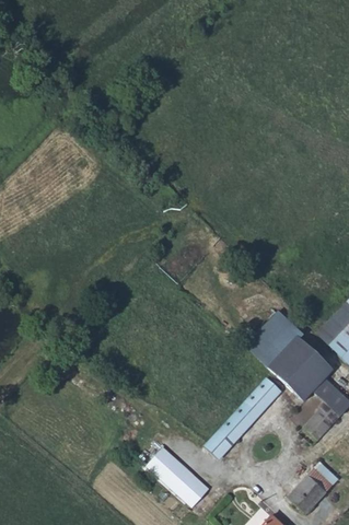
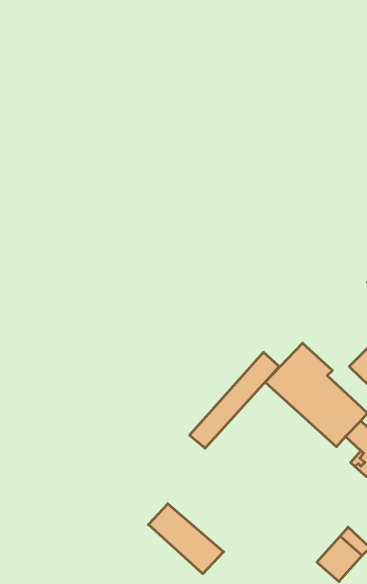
building: [205,377,280,458] -> [190,352,279,448]

